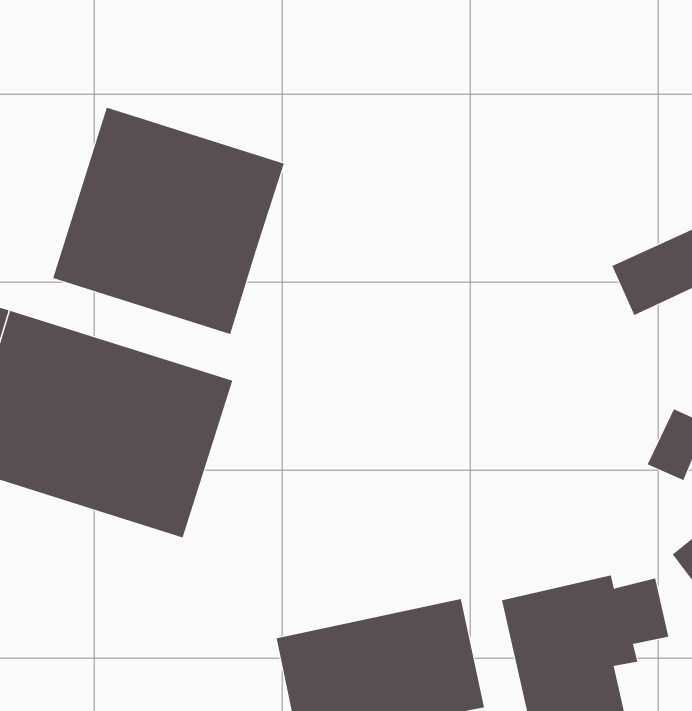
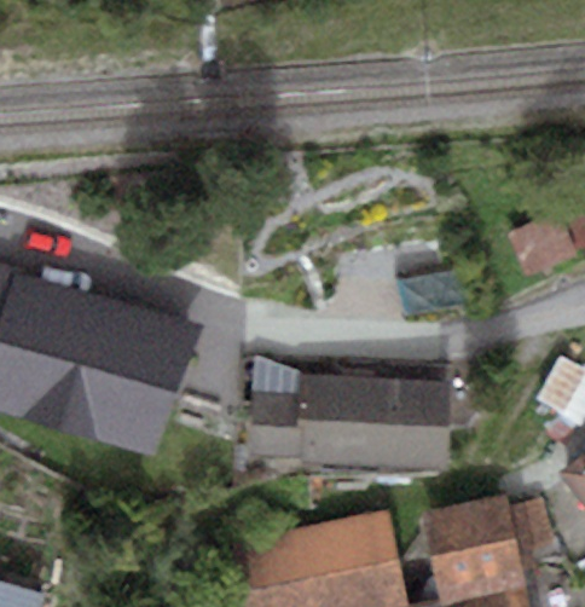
building: [52,107,284,335] -> none
building: none -> [250,374,450,470]

